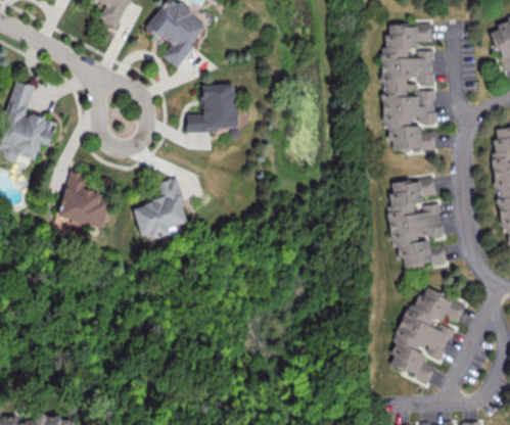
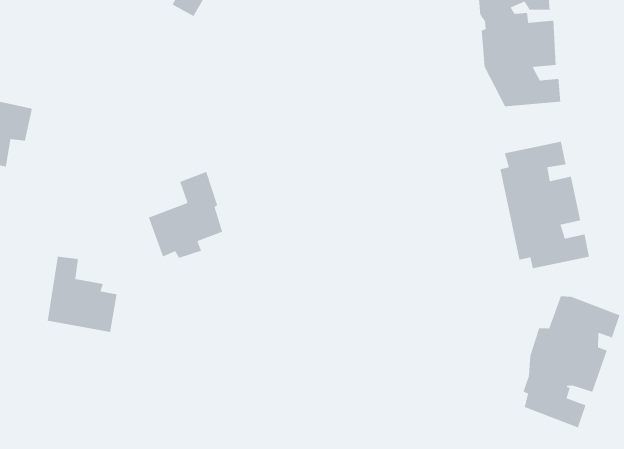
building: [187,85,237,131] -> none
building: [58,172,110,230] -> [47,256,117,333]

